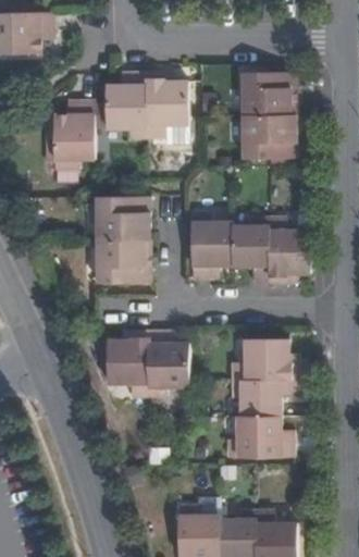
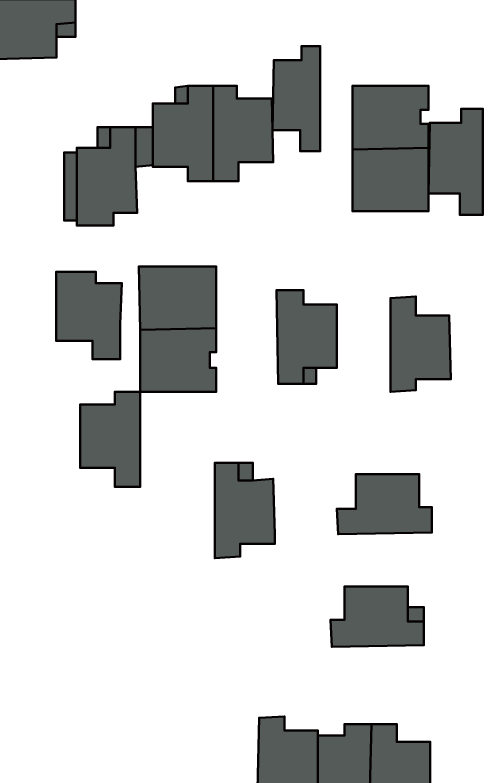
building: none -> [273,46,320,151]
building: none -> [429,109,483,215]
building: none -> [56,272,122,359]
building: [232,219,269,283] -> none
building: [107,332,148,397] -> [80,392,140,487]
building: [233,380,297,417] -> none

